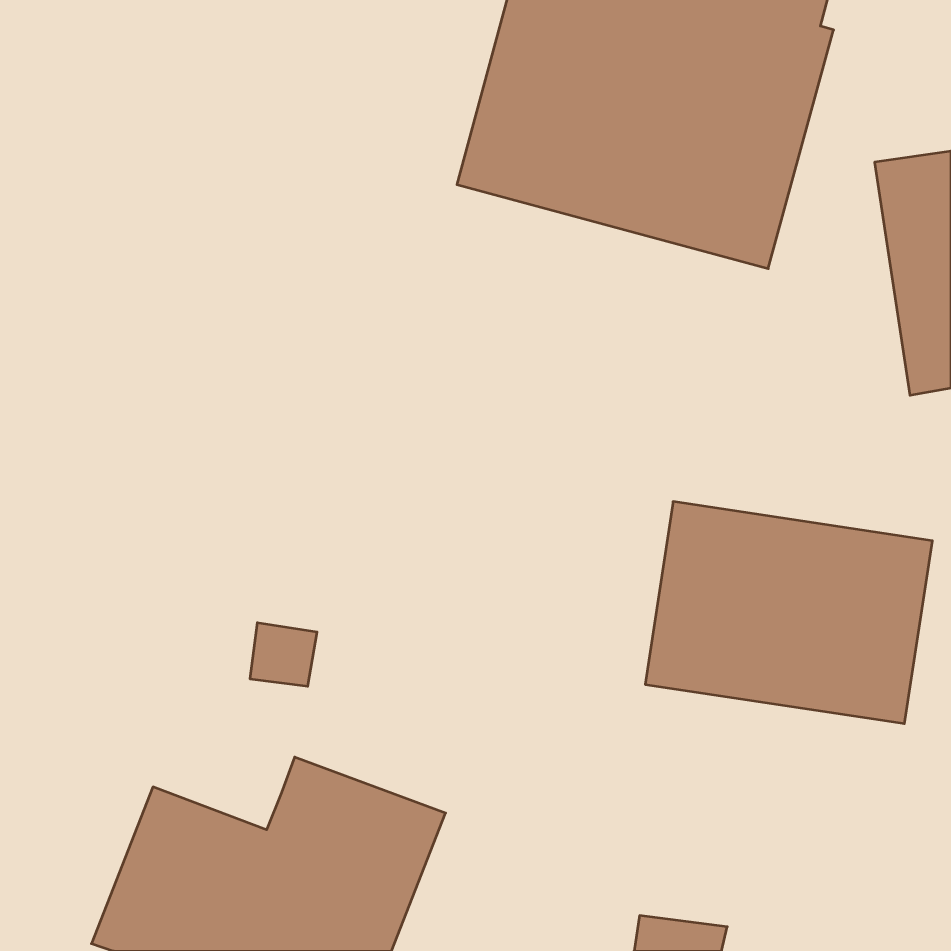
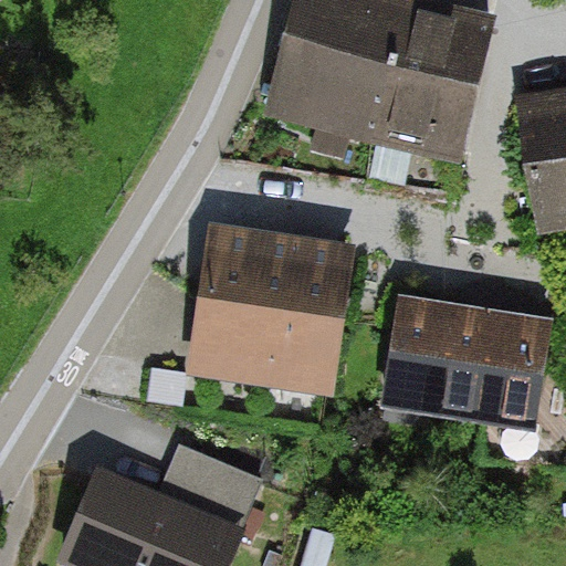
building: none -> [187,224,354,394]

